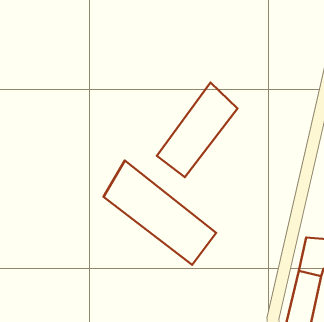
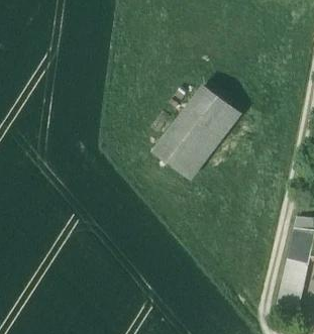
building: [104,160,216,265] -> none

